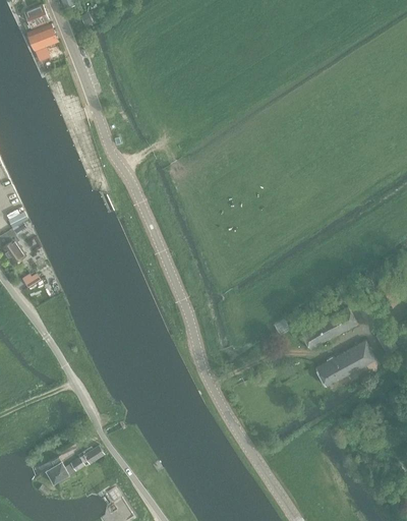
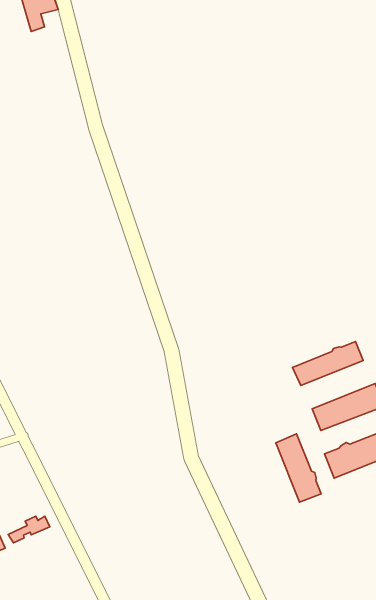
building: none -> [293,342,363,385]
building: none -> [276,434,321,502]

